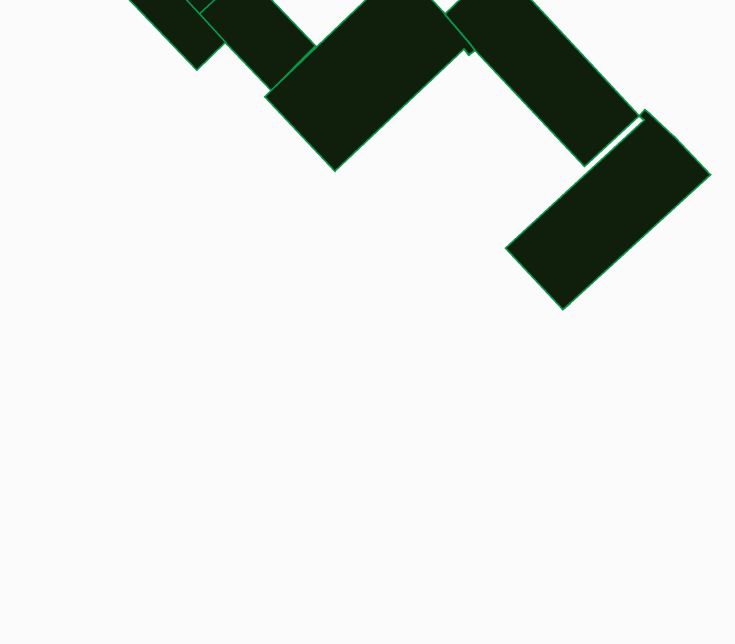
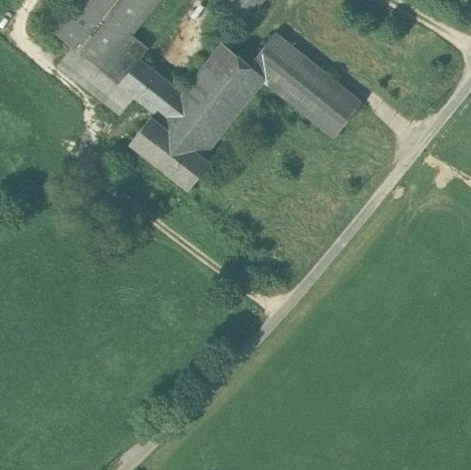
building: none -> [131,115,210,188]
building: [506,110,711,310] -> none

